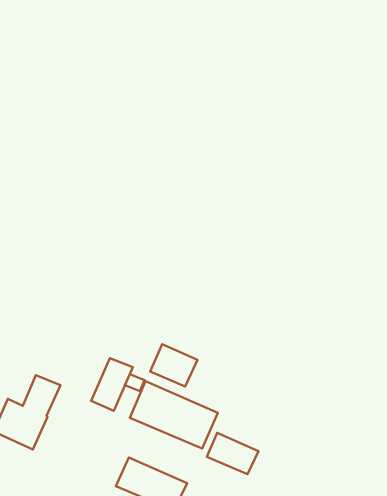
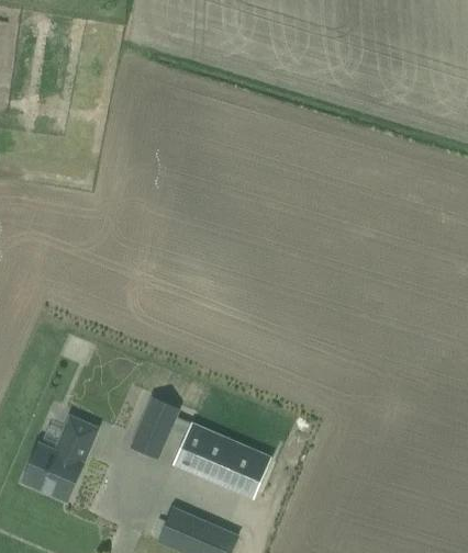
building: [150,344,198,386] -> none
building: [207,433,258,474] -> none

